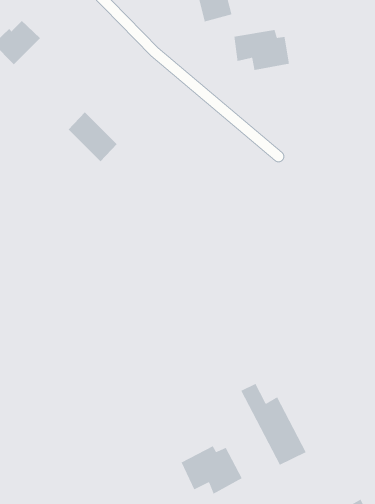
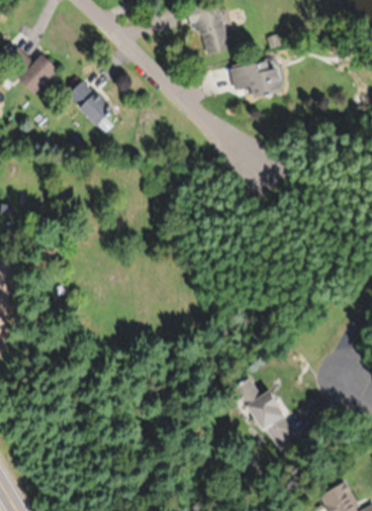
building: [68,111,117,162] -> [68,80,112,125]
building: [181,445,243,495] -> none

